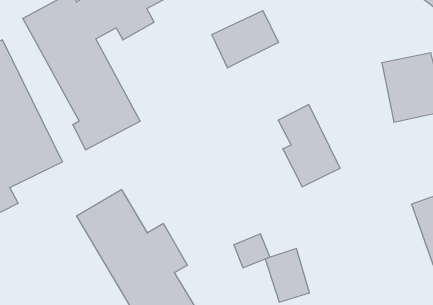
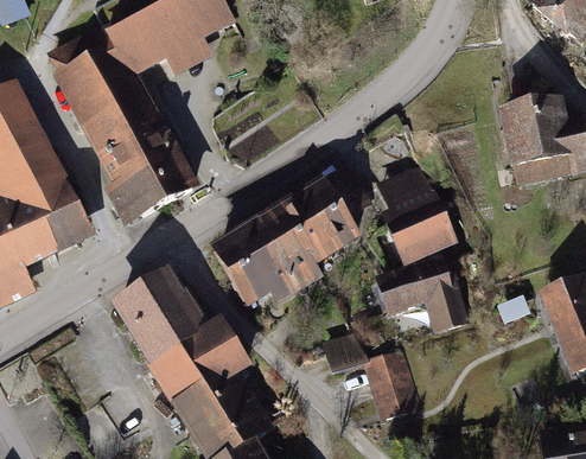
building: [212,11,278,68] -> none
building: none -> [212,167,367,315]
building: none -> [372,255,463,334]

